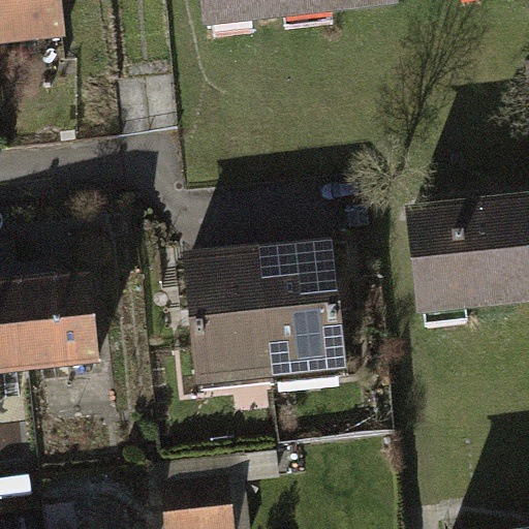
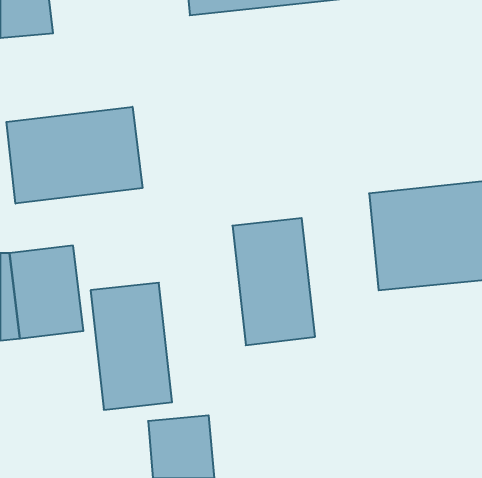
building: none -> [6,107,142,204]
building: [182,246,271,384] -> [91,283,172,410]

